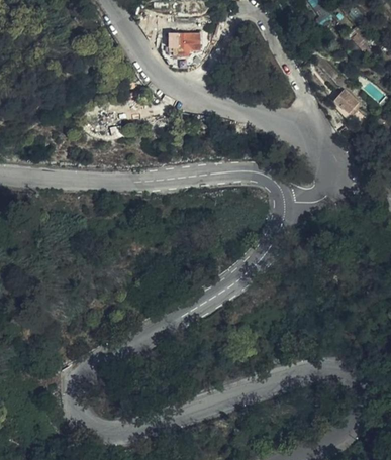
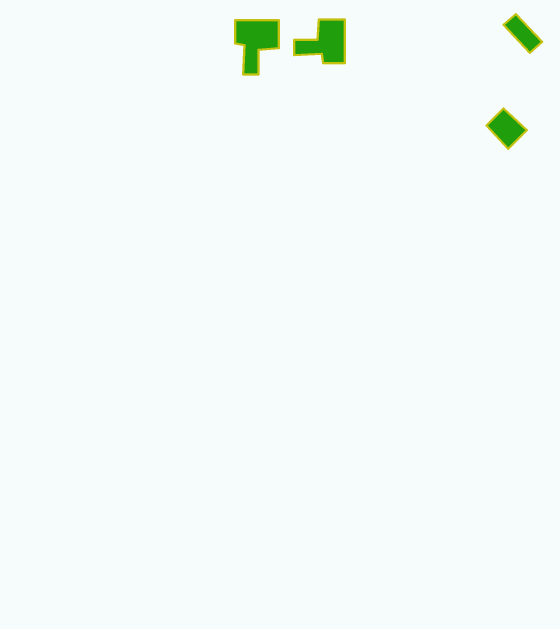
building: none -> [294,19,345,63]

